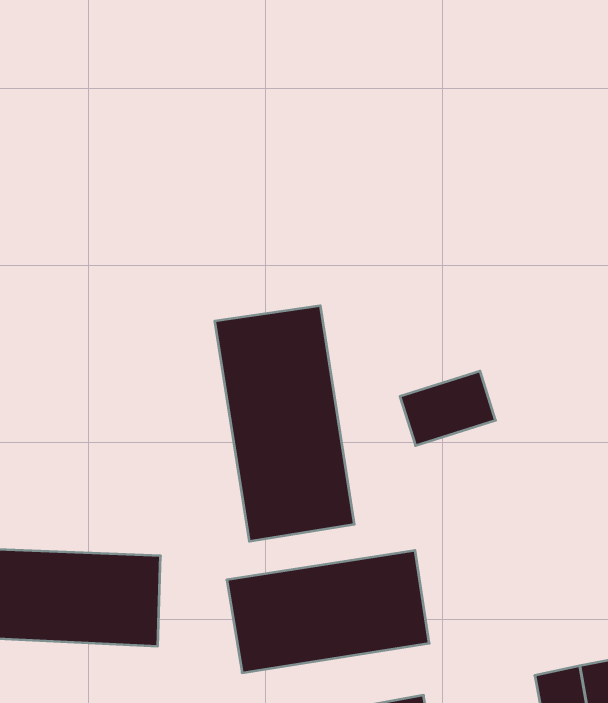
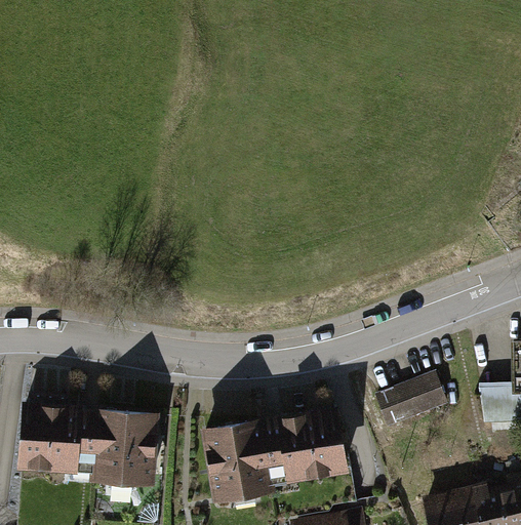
building: [215,306,354,541] -> none
building: [400,371,496,446] -> [377,374,447,429]

